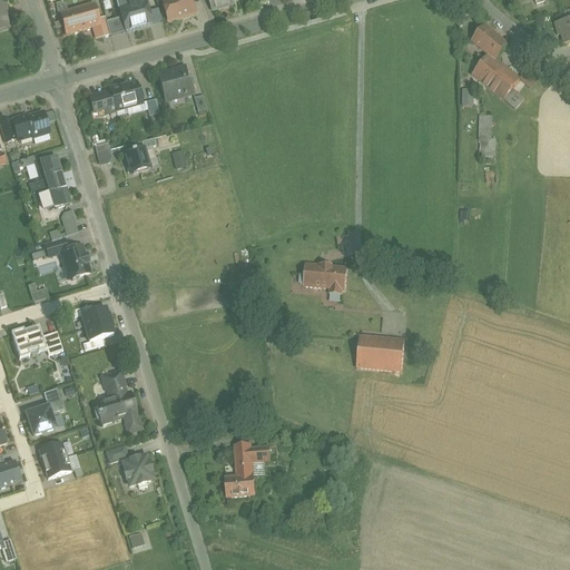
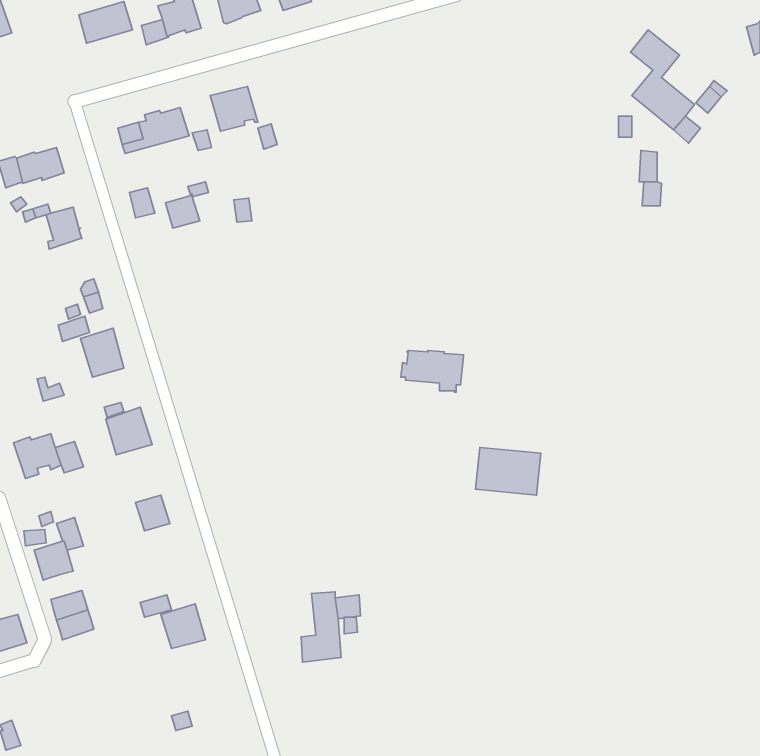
building: [37,178,69,207] -> none
building: [95,390,139,430] -> none

